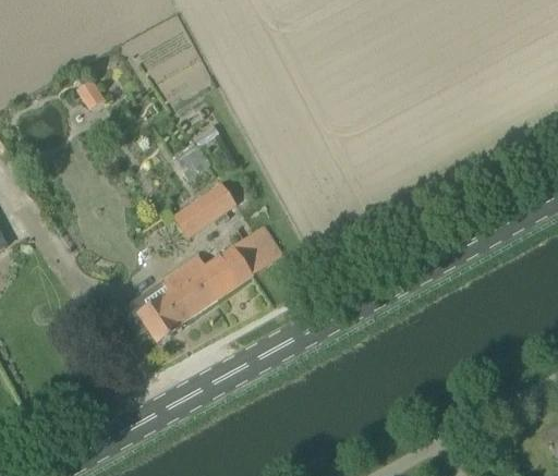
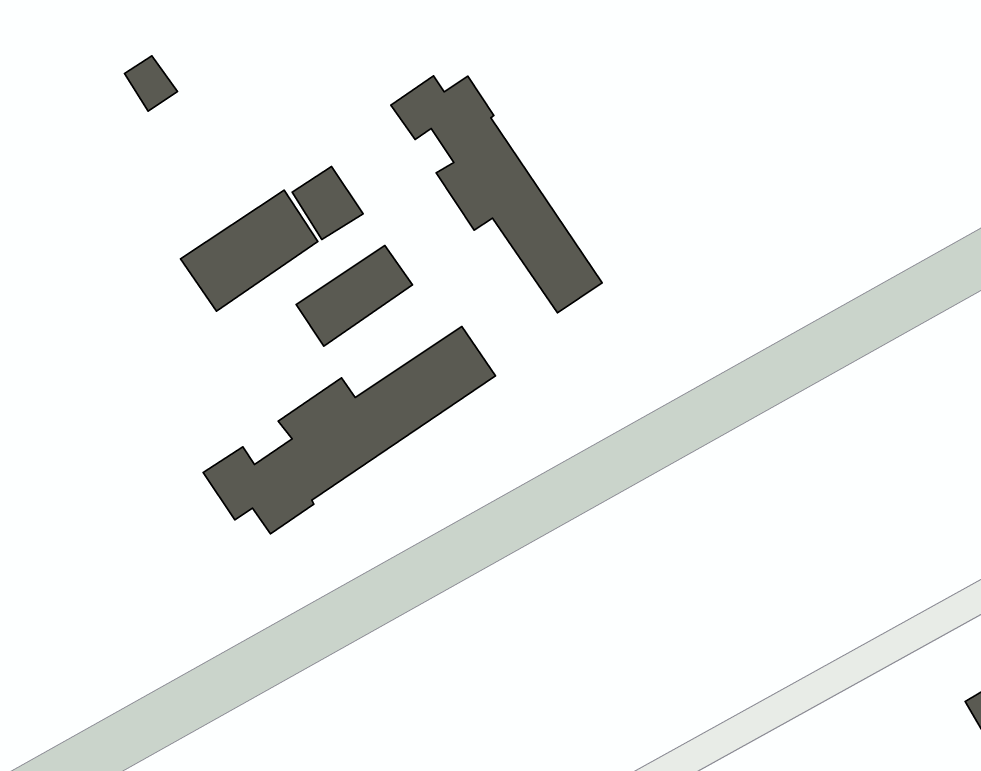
building: none -> [391,76,602,313]
building: none -> [180,190,318,311]

